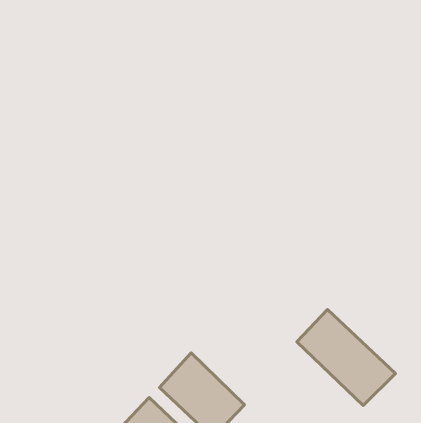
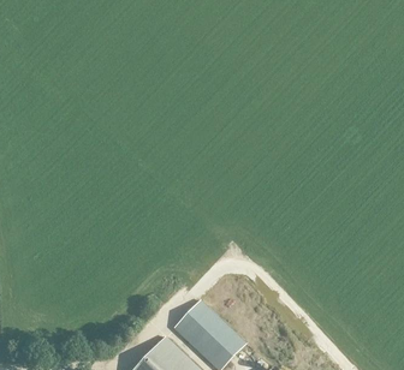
building: [297,310,396,406] -> none

